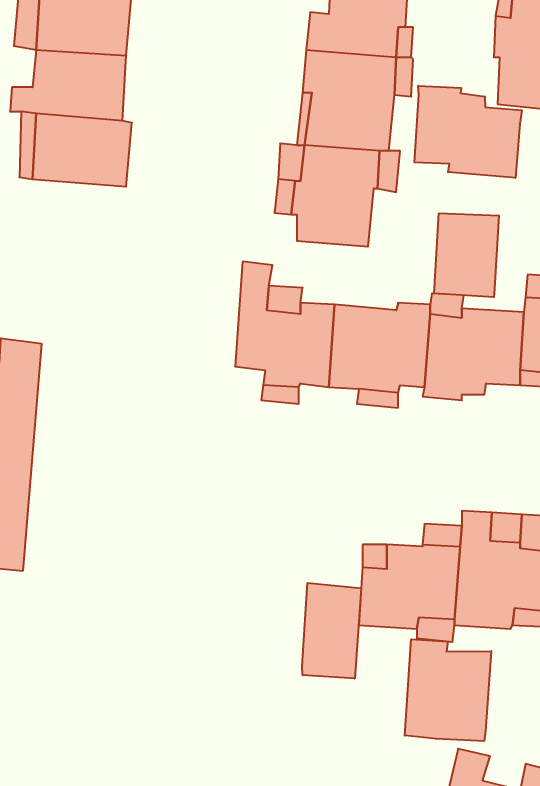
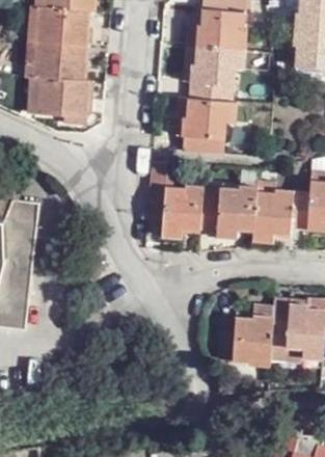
building: [415,86,522,178] -> none
building: [434,213,499,297] -> none
building: [302,583,361,679] -> none
building: [405,639,491,741] -> none

